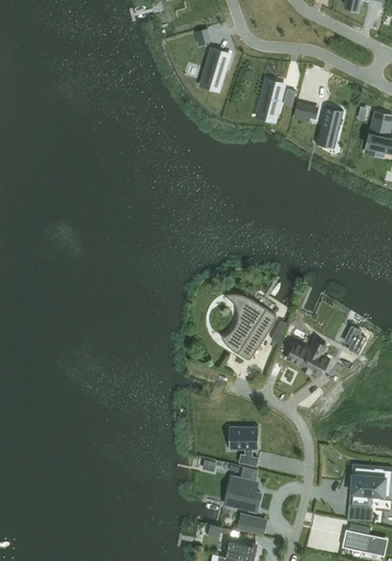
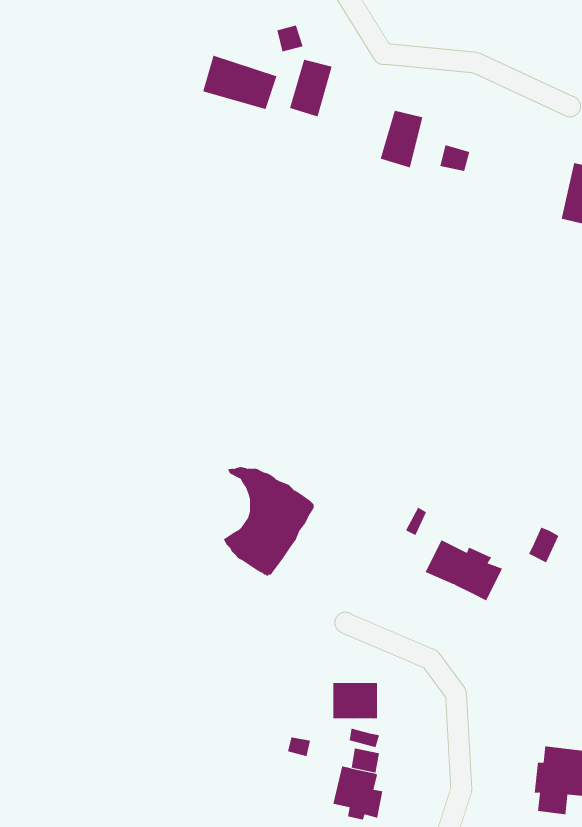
building: none -> [203,55,277,110]
building: [316,107,343,144] -> none
building: [220,294,276,360] -> [222,466,314,577]

